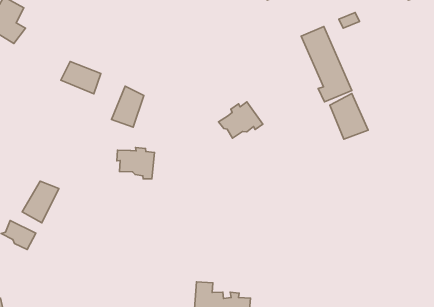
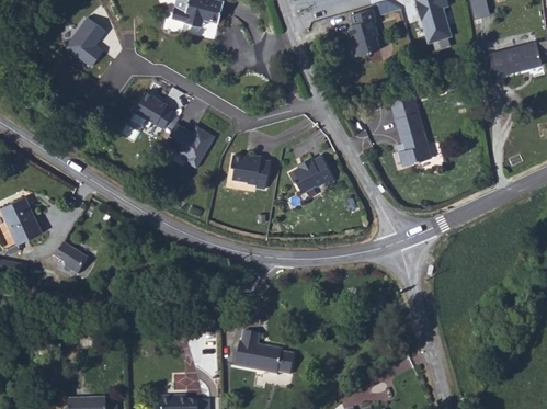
building: [330,94,368,139] -> none
building: [117,148,155,179] -> [227,152,266,186]
building: [22,181,59,223] -> none

